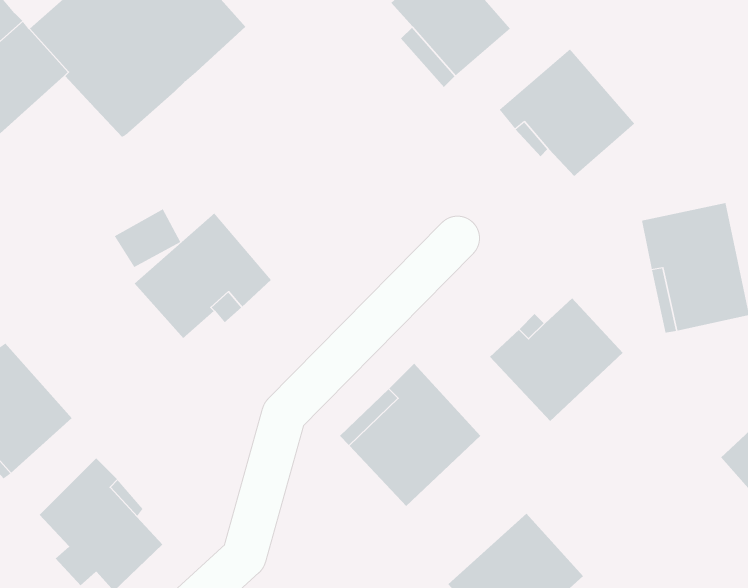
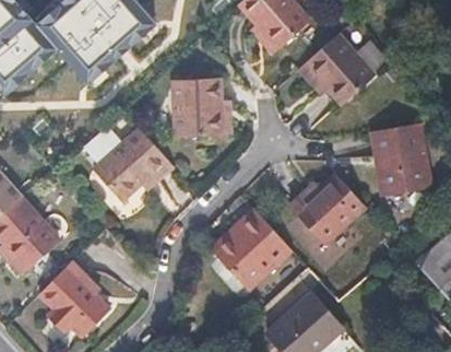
building: none -> [179,79,229,134]

